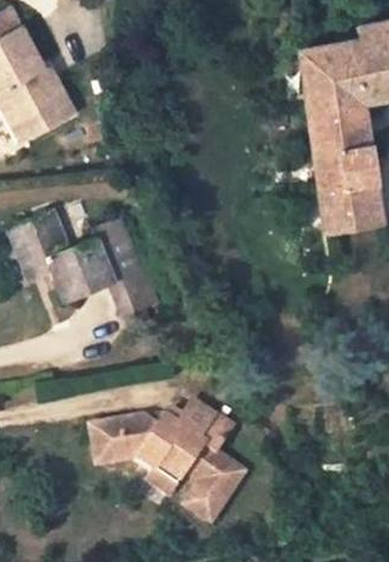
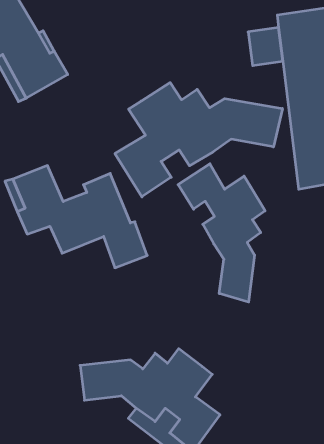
building: none -> [115,83,282,197]
building: none -> [178,164,265,302]

